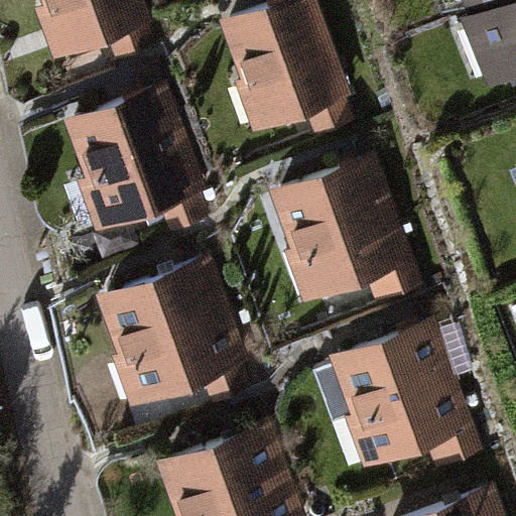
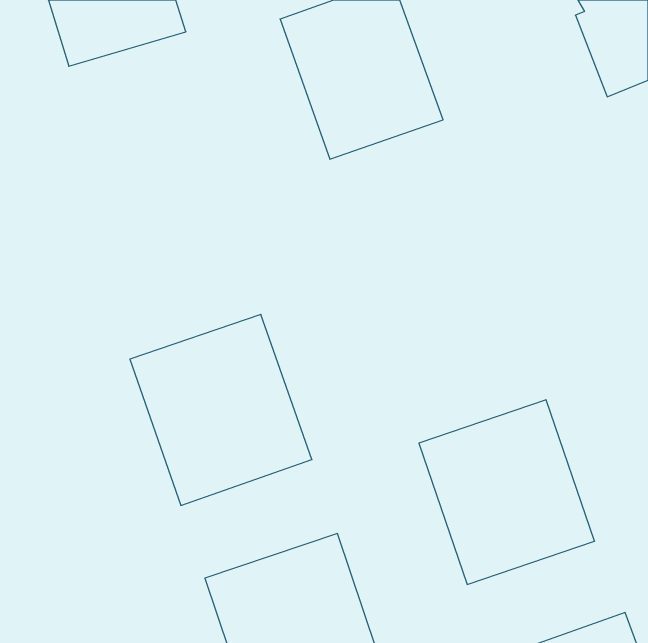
building: [67,90,203,232] -> none
building: [272,157,413,304] -> none

